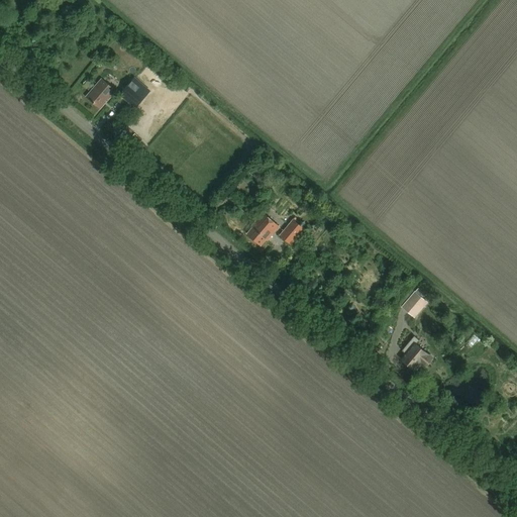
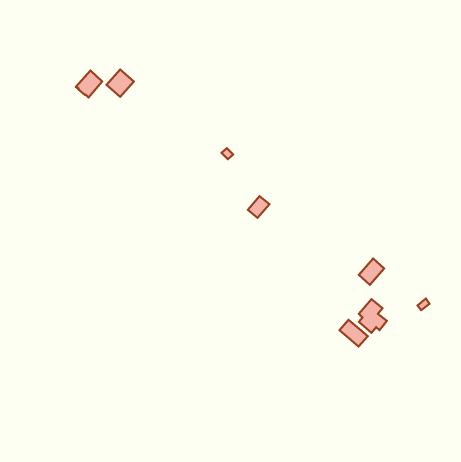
building: [245,212,279,245] -> none
building: none -> [339,320,368,347]

